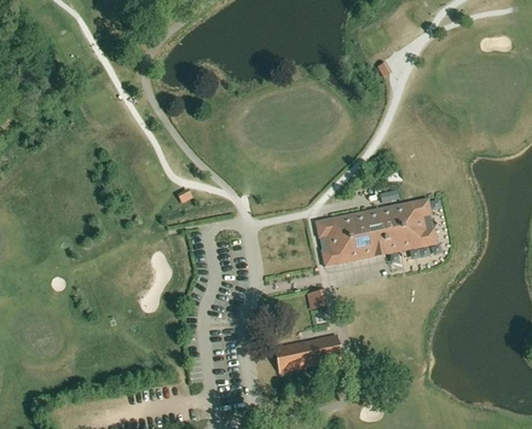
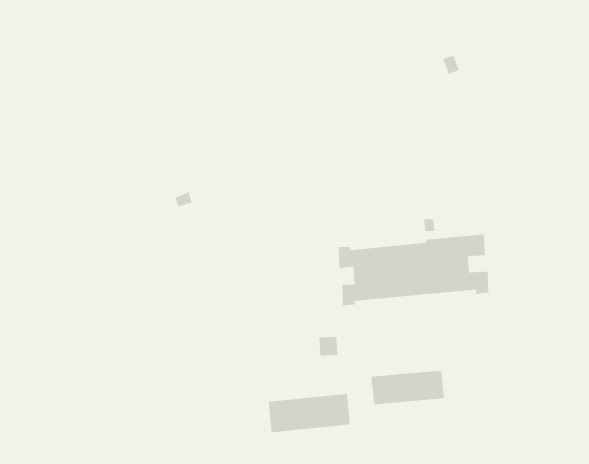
building: none -> [371,370,445,405]

